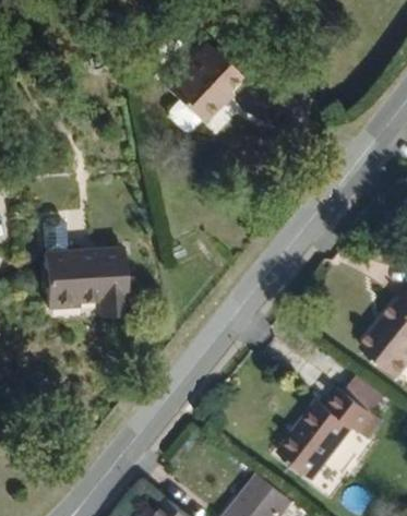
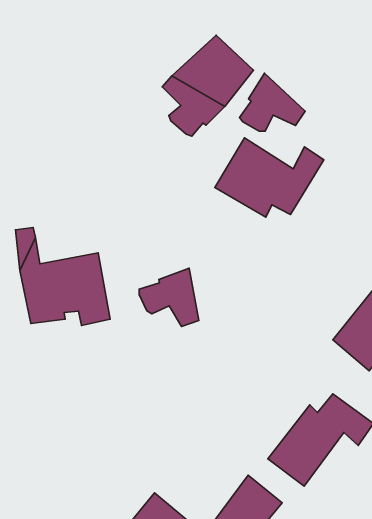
building: none -> [240,73,305,131]
building: none -> [215,138,324,217]
building: none -> [139,268,199,326]

